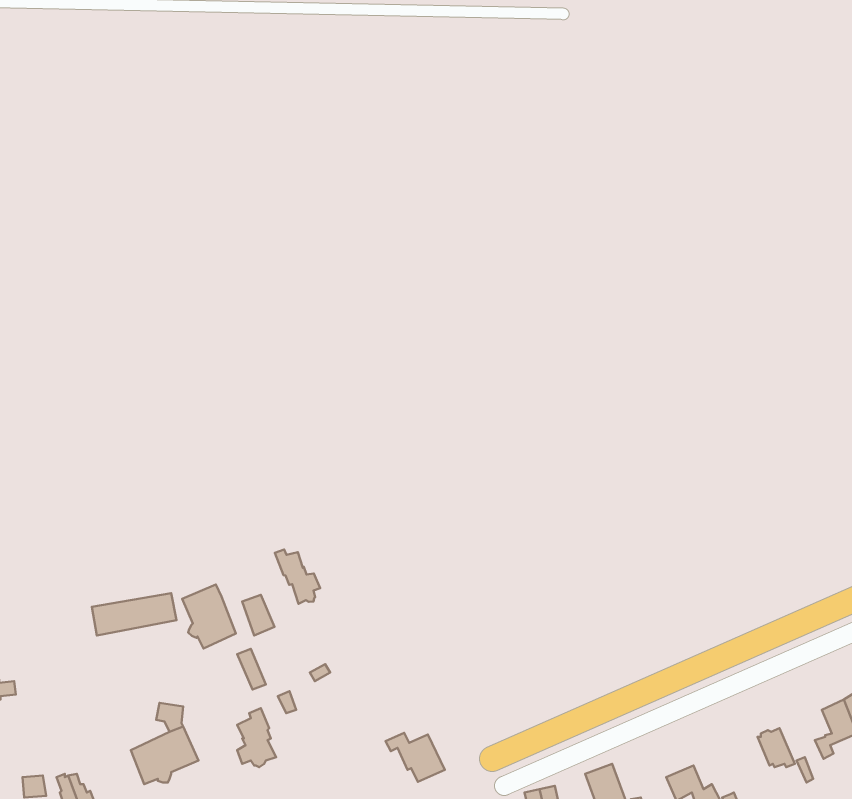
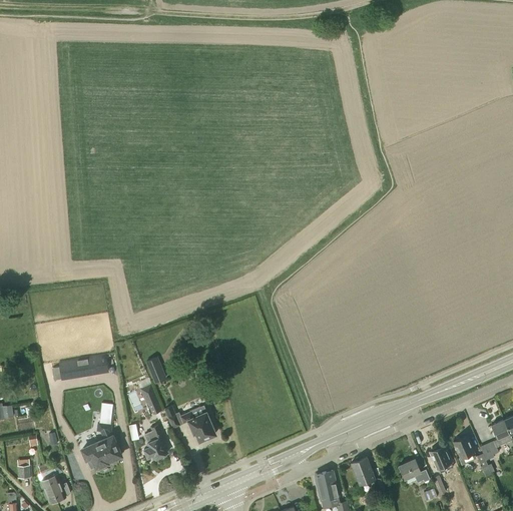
building: [275,550,320,604] -> none
building: [182,585,236,648] -> none
building: [386,733,445,782] -> [180,412,215,441]
building: none -> [430,447,453,473]

